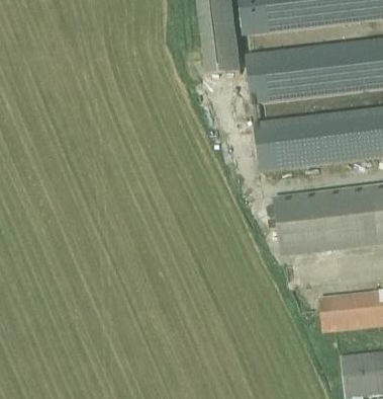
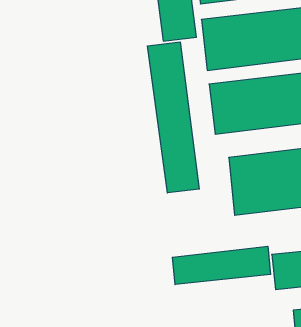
building: none -> [148,42,199,193]
building: none -> [172,246,271,285]

